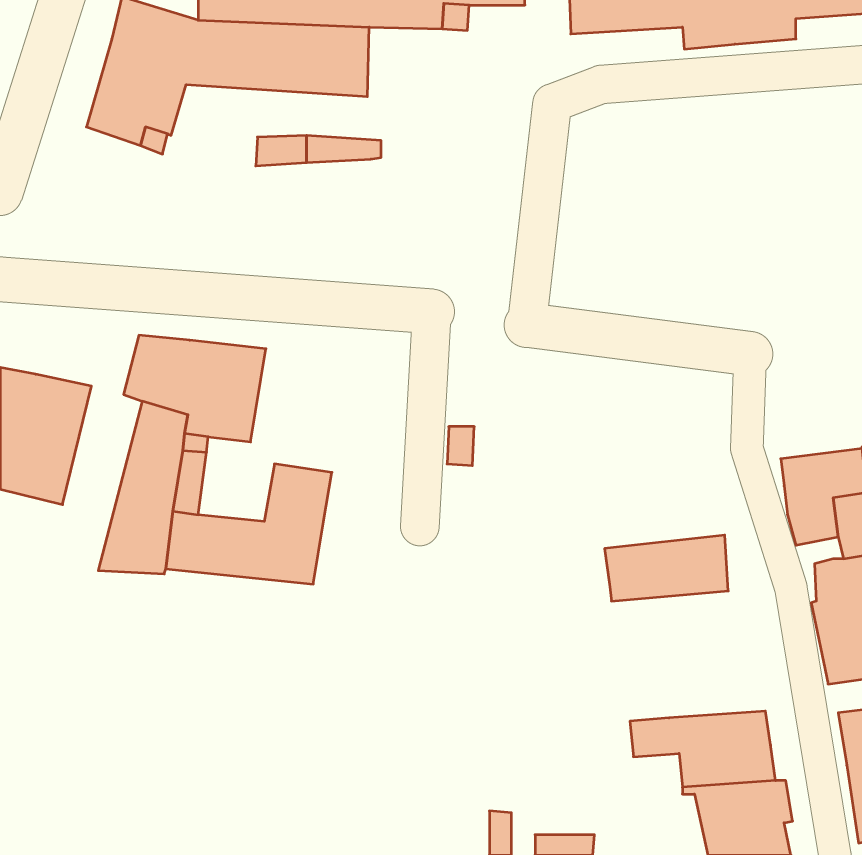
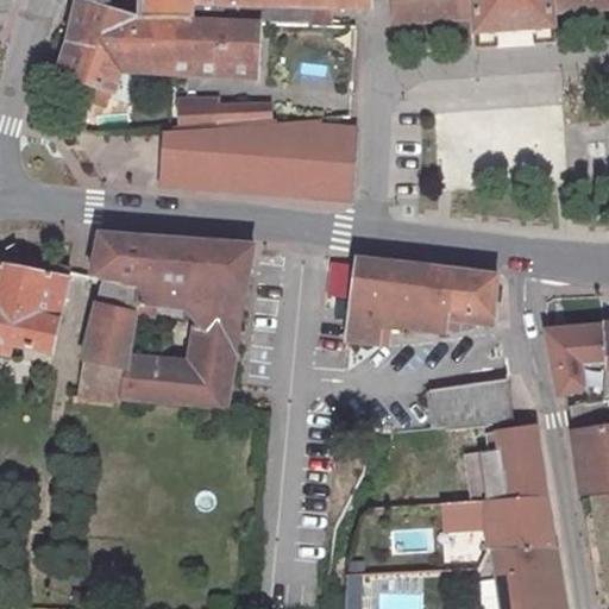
building: none -> [165,120,354,193]
building: none -> [178,245,249,332]
building: none -> [344,260,498,344]
building: none -> [466,431,540,504]

